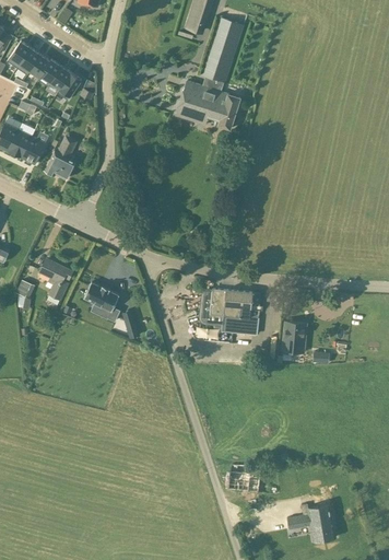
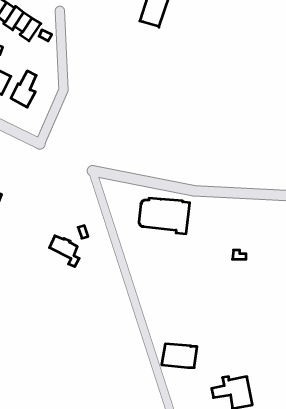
building: [175,78,240,130] -> none
building: [39,260,72,301] -> none
building: [84,284,120,322] -> [49,236,79,267]
building: [282,322,306,354] -> none

